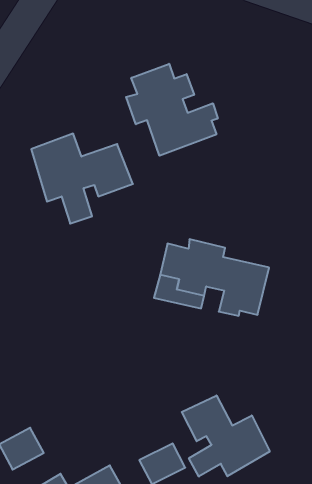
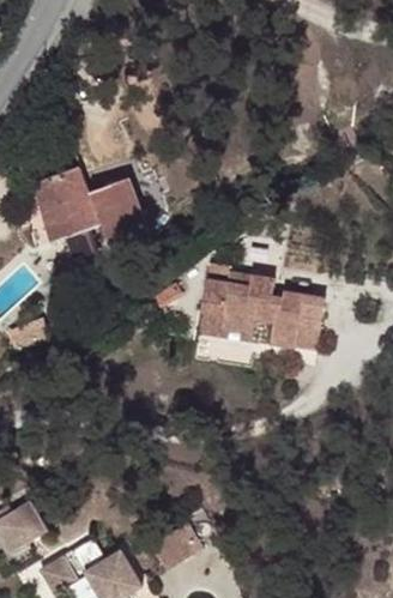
building: [126,64,218,156] -> none
building: [182,395,270,477] -> none

